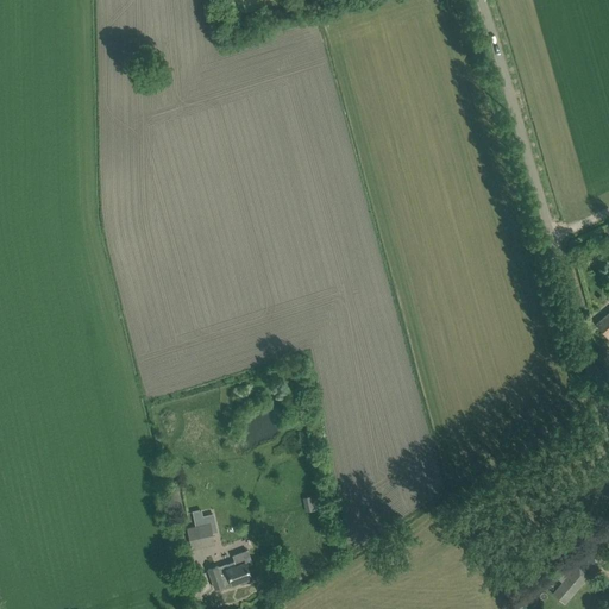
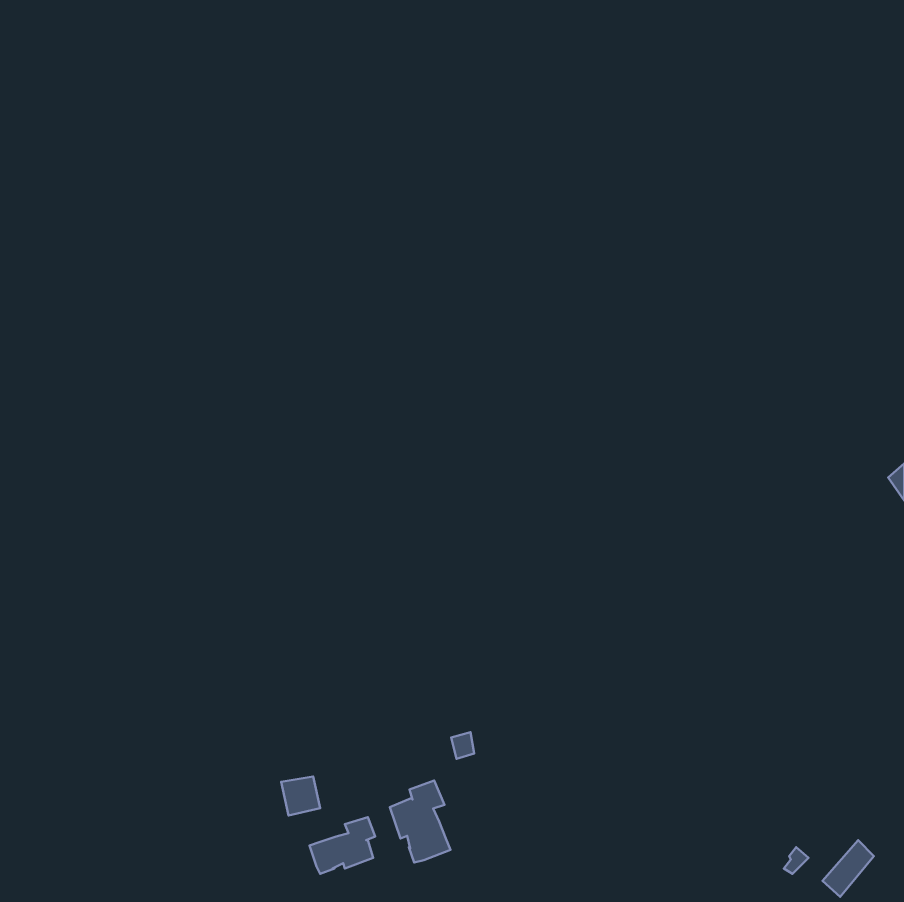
building: none -> [390,781,450,863]

